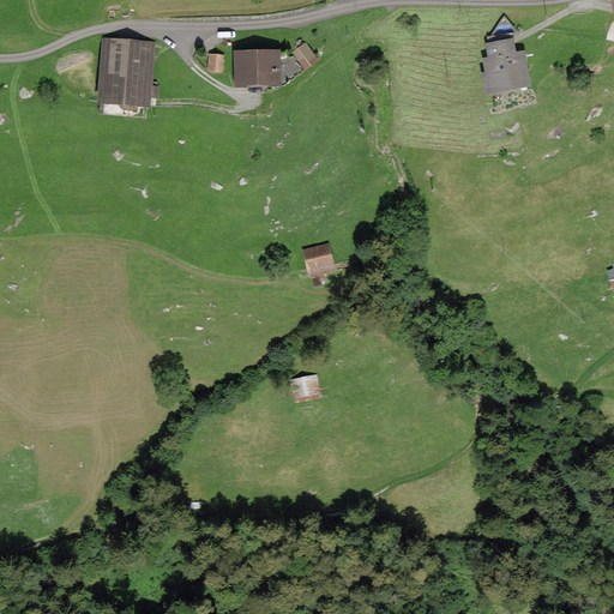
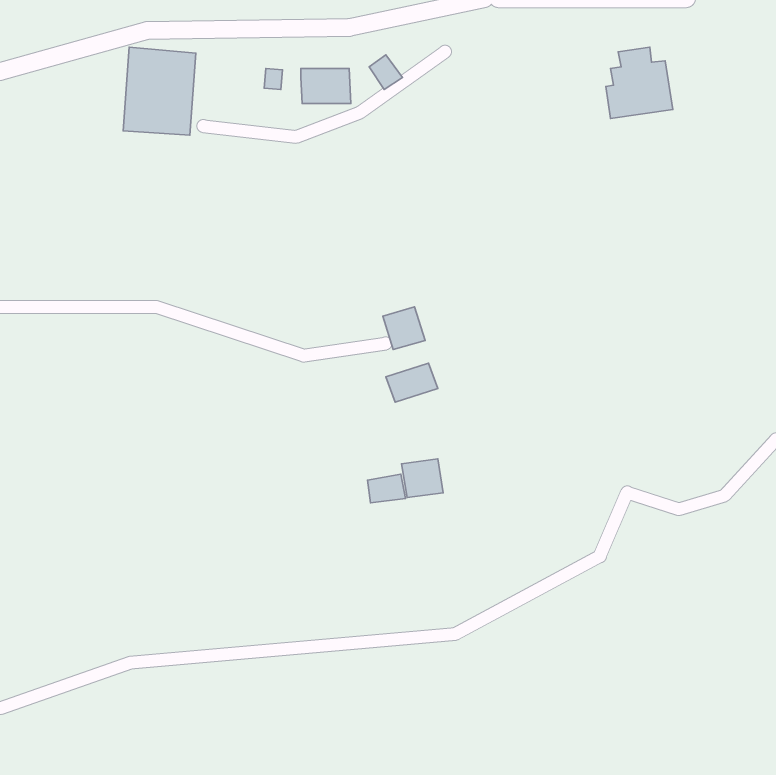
building: none -> [386,363,438,402]
building: none -> [402,459,443,498]

